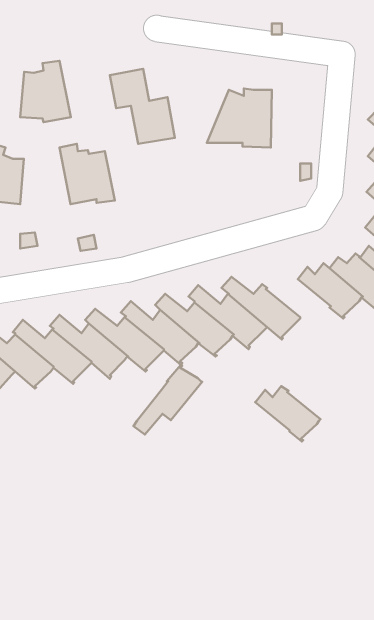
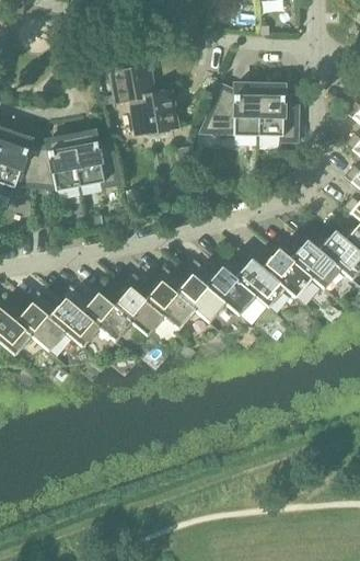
building: [20,61,71,122] -> [37,137,82,192]
building: none -> [260,85,300,141]
building: [133,365,202,435] -> none
building: [255,386,320,441] -> [256,249,314,298]

